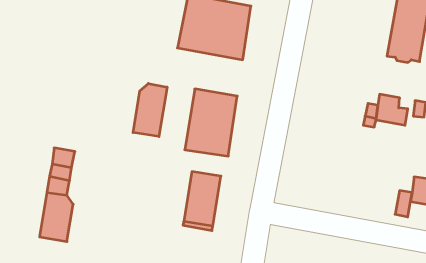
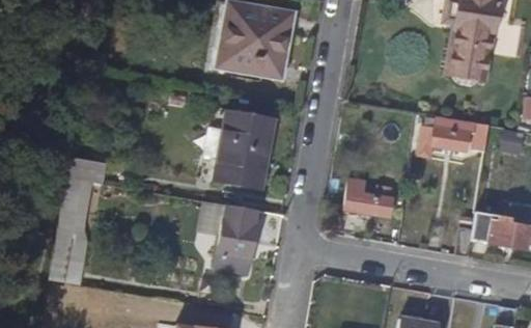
building: [133,83,167,137] -> none
building: none -> [66,157,109,185]
building: none -> [347,180,393,217]

